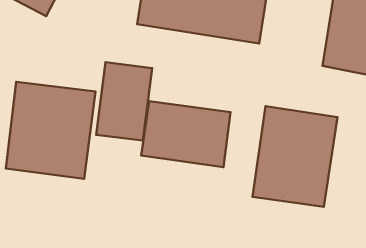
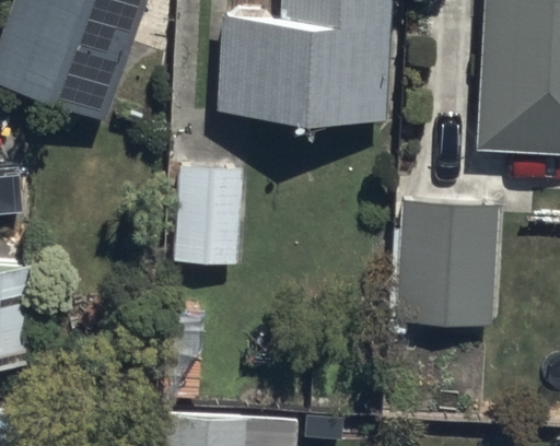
building: [6,82,95,179] -> none
building: [141,101,231,167] -> none

